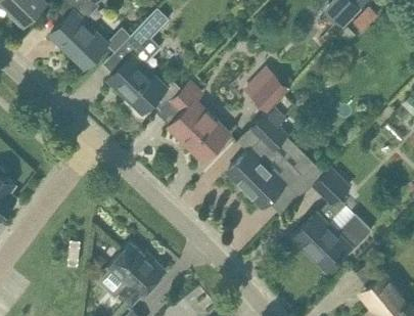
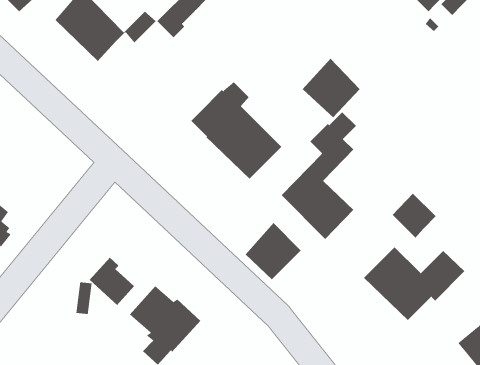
building: [107,57,181,115] -> none
building: none -> [245,222,302,280]
building: none -> [89,257,135,306]

